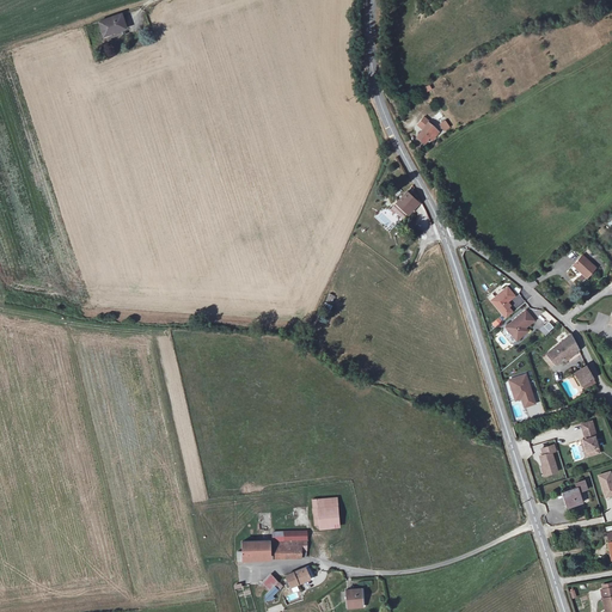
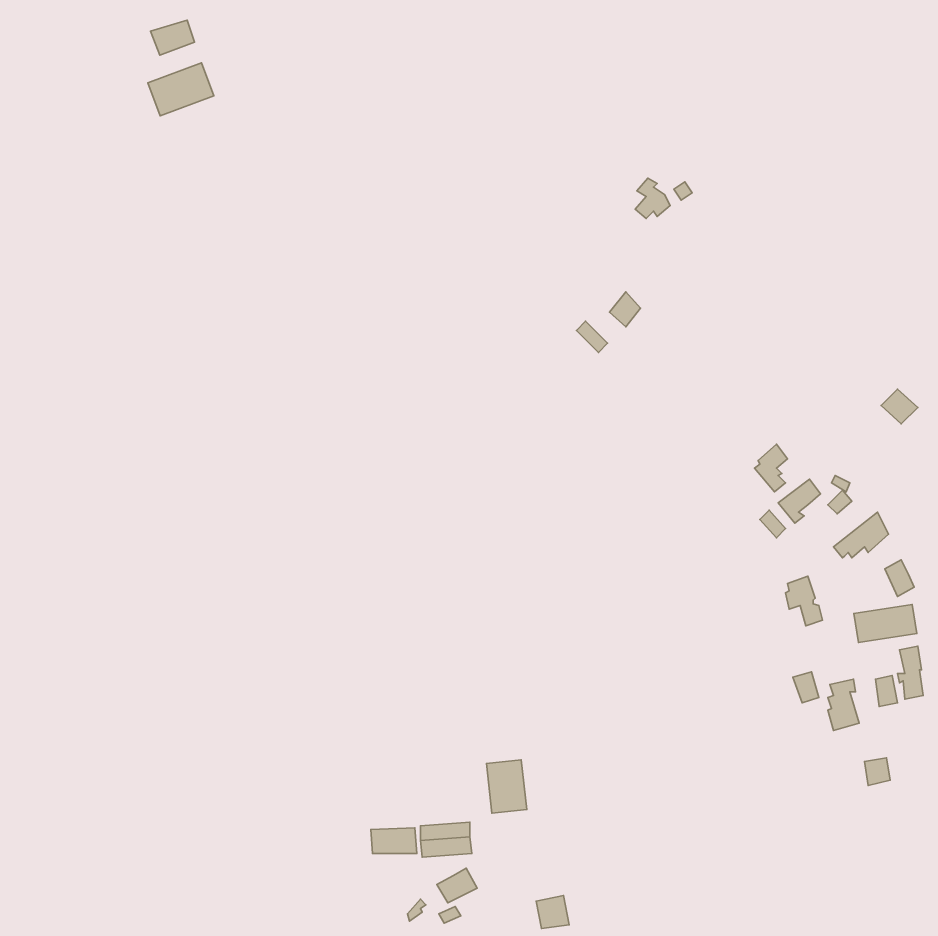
building: none -> [148,63,214,116]
building: none -> [854,604,917,643]

